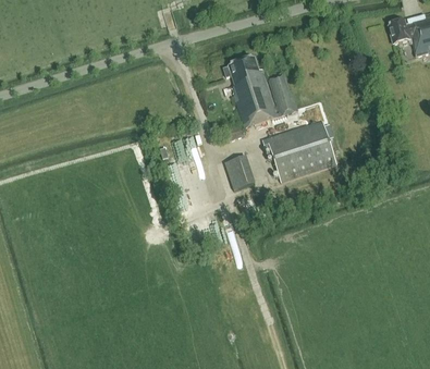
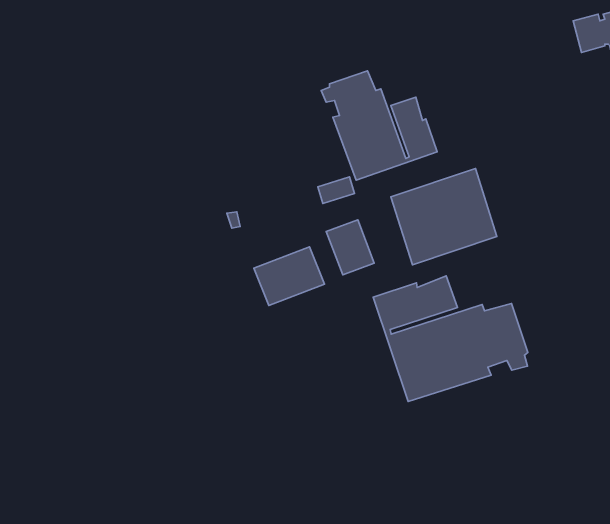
building: none -> [254,247,324,305]
building: none -> [373,276,528,401]

